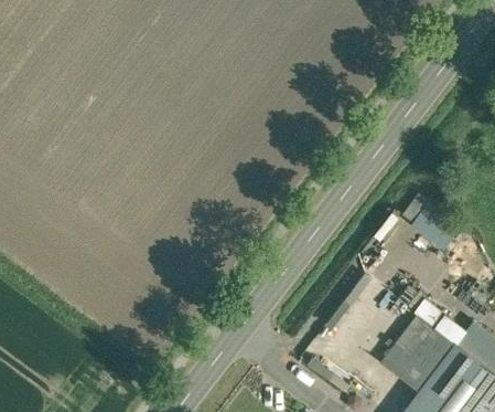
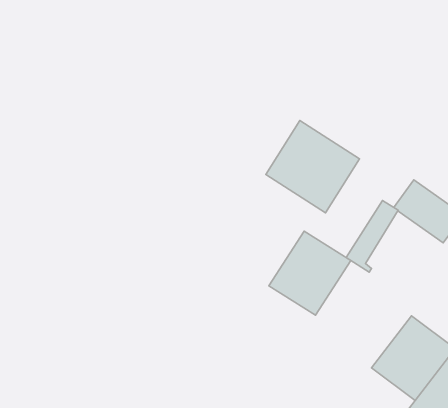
building: none -> [266,121,359,213]
building: none -> [269,231,351,315]

